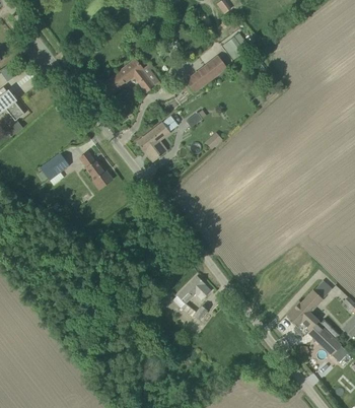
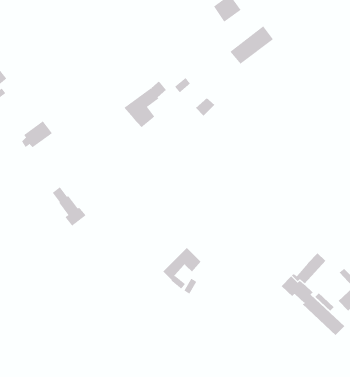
building: [184,55,226,92] -> [230,26,274,65]
building: [91,60,158,101] -> none
building: [78,152,112,191] -> [52,187,87,227]

